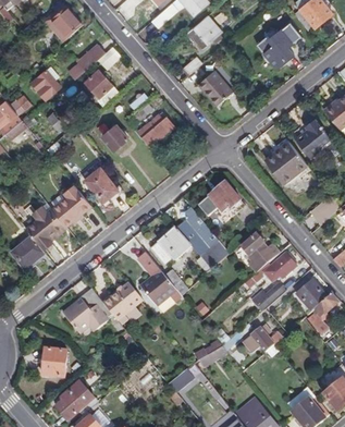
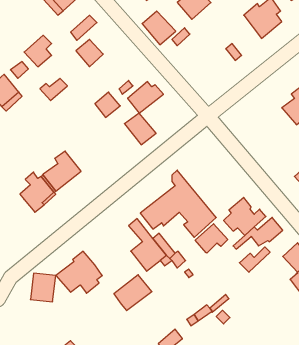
building: [197,71,232,106] -> [142,11,176,45]
building: [264,139,305,180] -> none
building: [84,170,116,203] -> [124,113,156,145]
building: [198,182,241,216] -> none
building: [11,234,45,268] -> none
building: none -> [195,224,228,253]
building: [103,282,143,319] -> [114,275,152,311]
building: [242,324,282,354] -> none
building: [41,346,67,376] -> [30,273,56,302]

